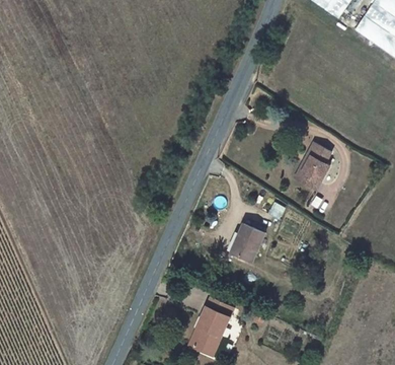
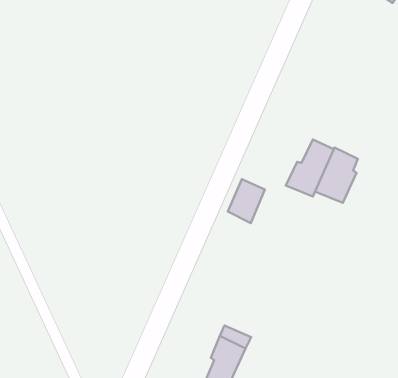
building: none -> [286,139,334,196]
building: [225,226,257,265] -> [228,179,265,223]

